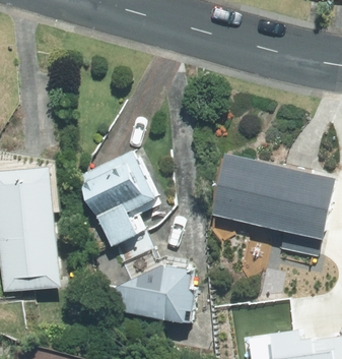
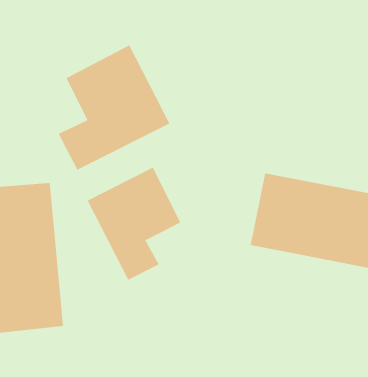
building: none -> [58,45,170,171]
building: [116,234,195,321] -> none

